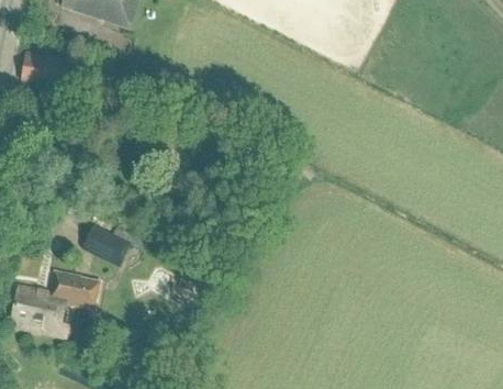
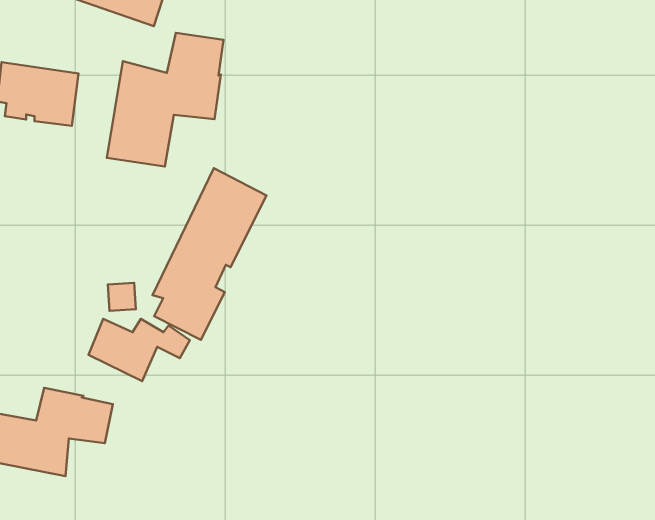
building: none -> [107,33,224,166]
building: none -> [152,168,266,340]

